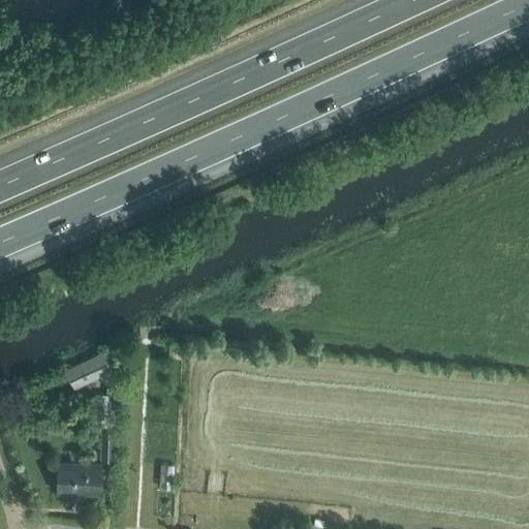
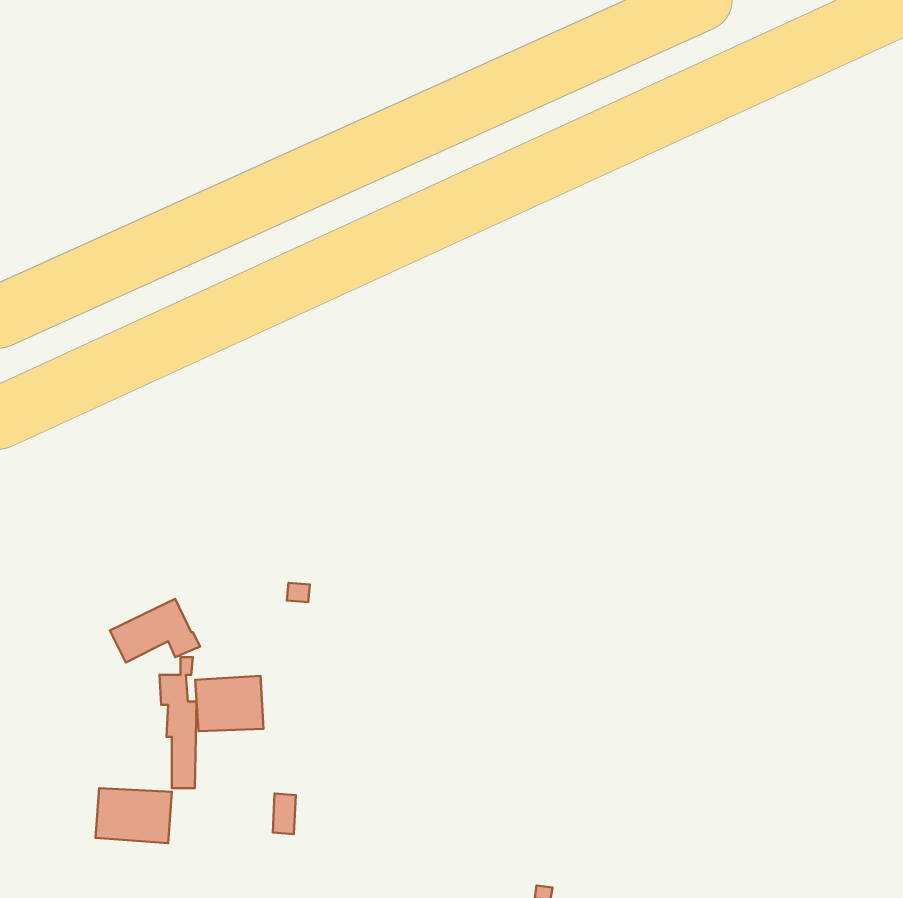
building: none -> [195,676,264,731]

